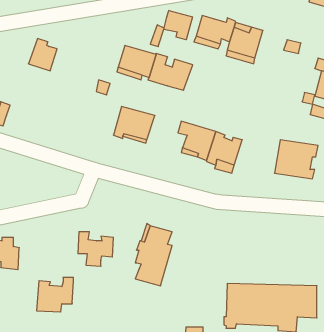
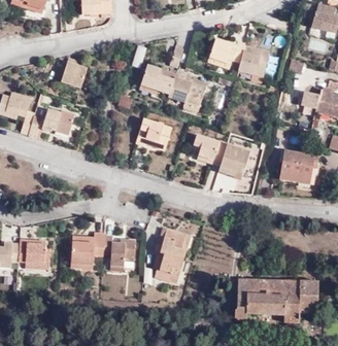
building: [164,10,193,40] -> none
building: none -> [43,109,75,135]
building: [37,277,73,312] -> [72,230,105,261]

